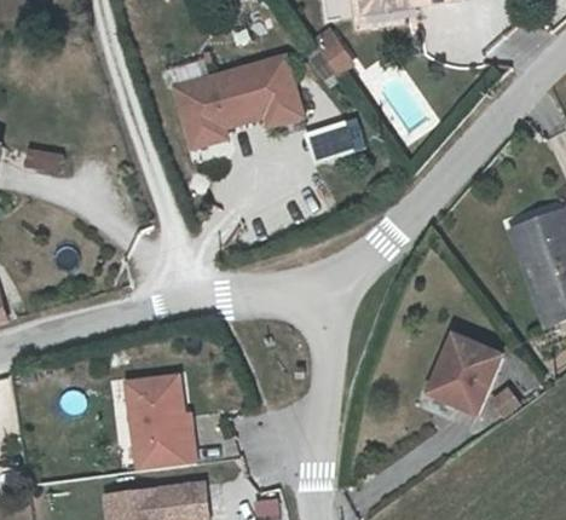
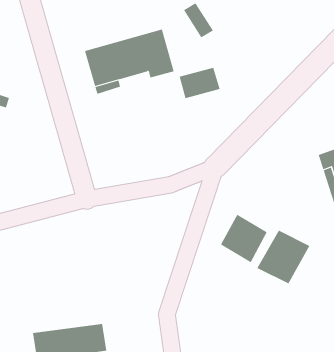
building: none -> [220,214,268,263]
building: [122,370,191,467] -> none

